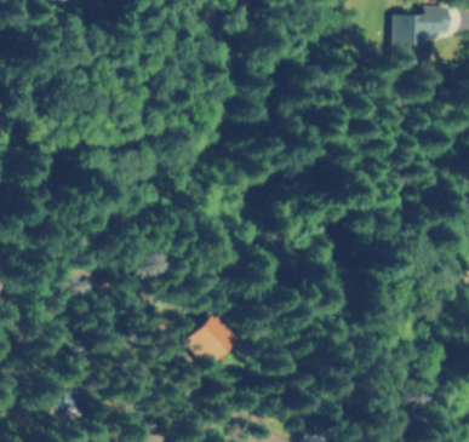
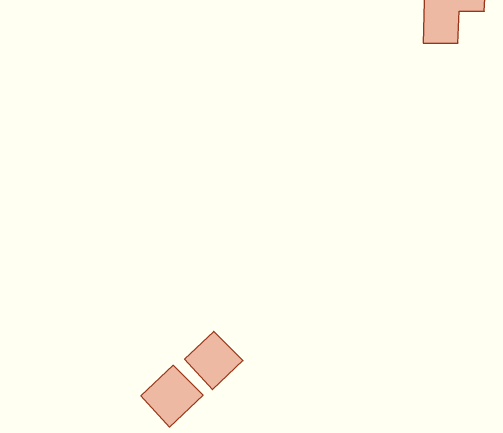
building: none -> [141,365,203,427]

